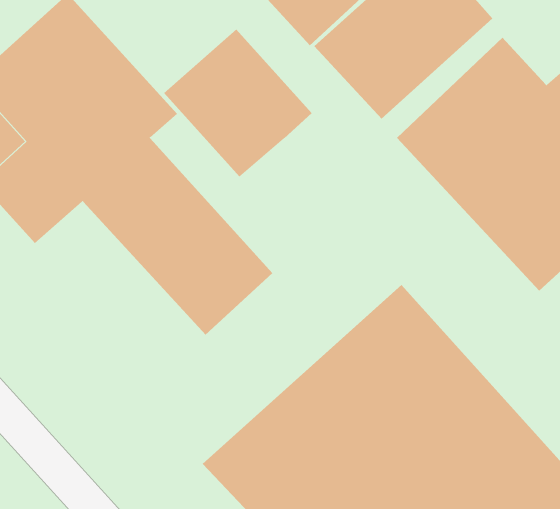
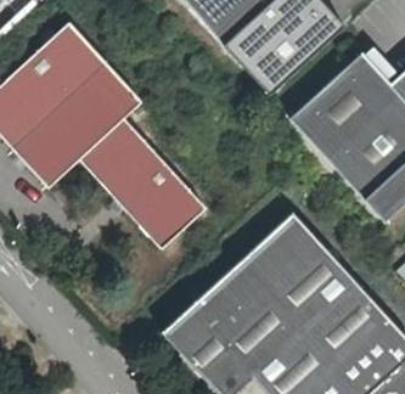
building: [163,28,312,177] -> none

